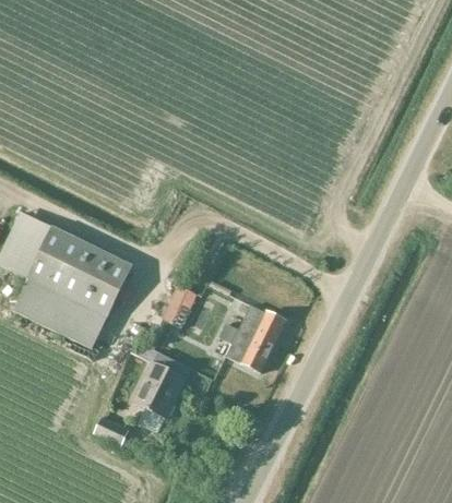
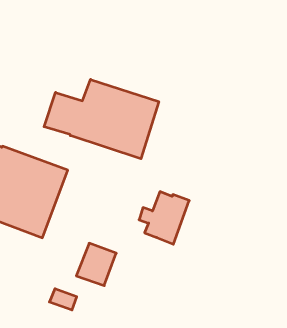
building: none -> [44,79,159,159]
building: [162,283,197,326] -> none

